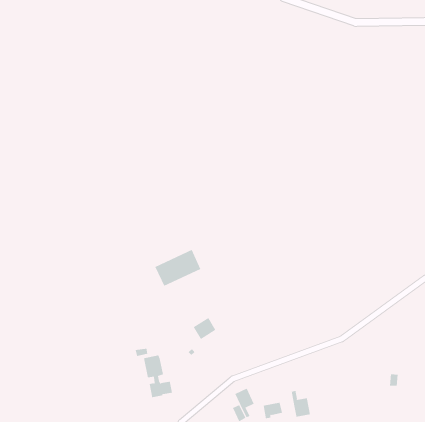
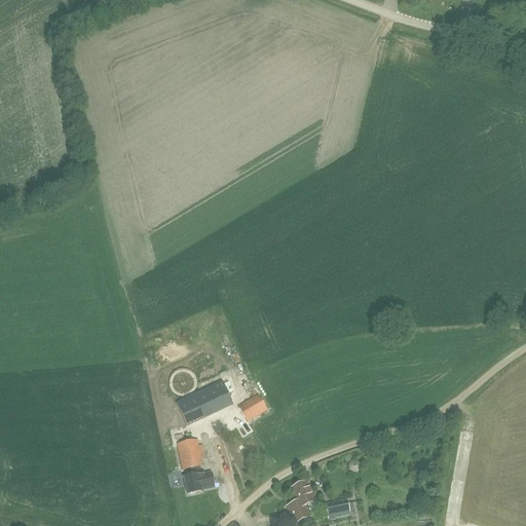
building: [155,249,201,287] -> [176,379,233,425]
building: [291,390,310,417] -> none

